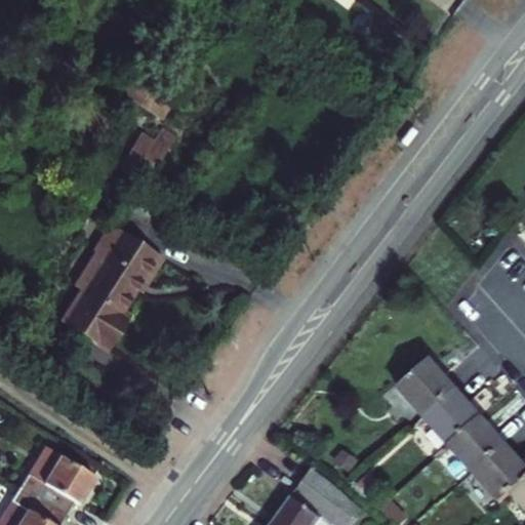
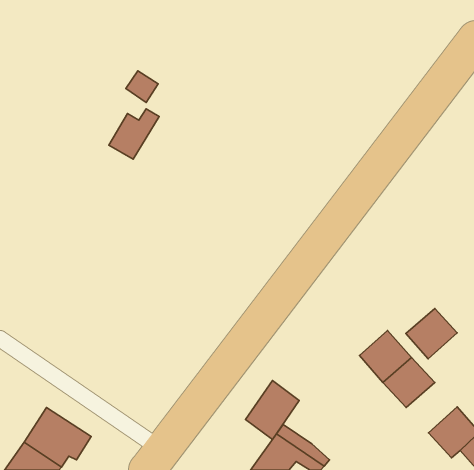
building: [65,220,165,347] -> none
building: none -> [246,381,299,440]
building: [449,421,506,477] -> [406,308,457,359]

